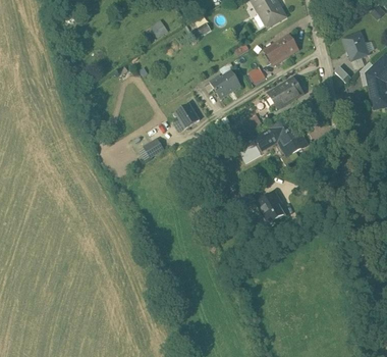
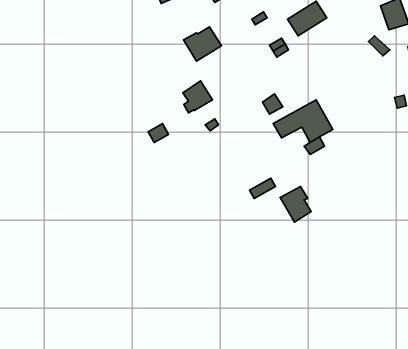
building: [208,69,240,99] -> [183,27,222,61]
building: [266,78,302,110] -> none

